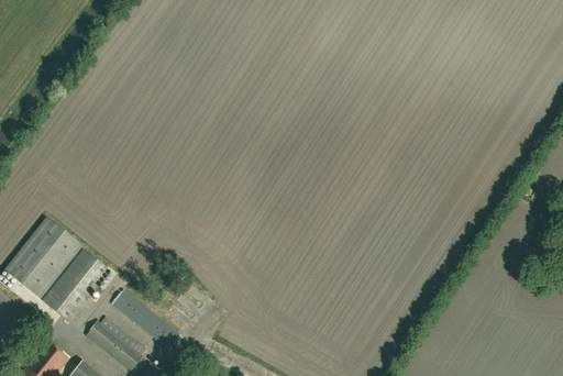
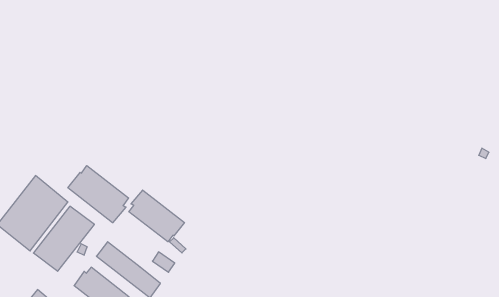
building: none -> [68,166,129,223]
building: none -> [129,190,184,242]

